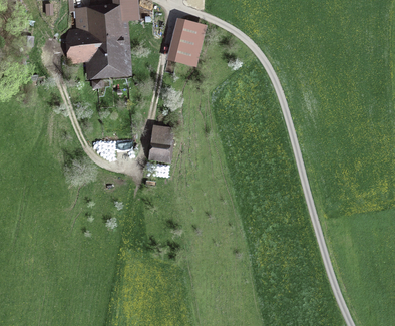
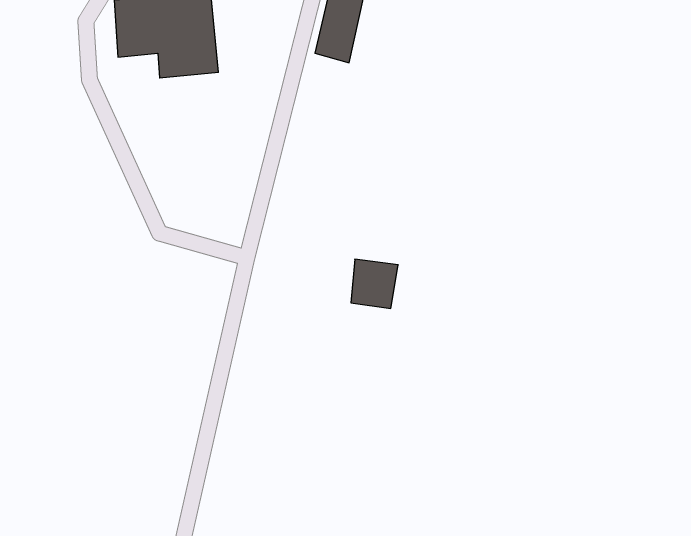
building: [149,136,174,162] -> [351,259,398,308]

